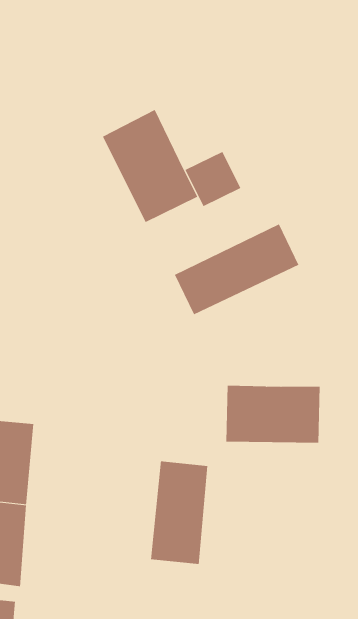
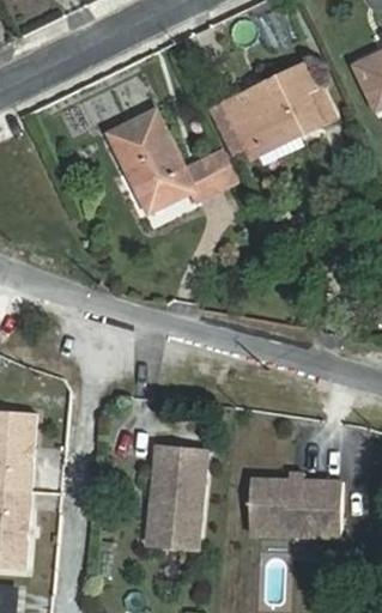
building: none -> [226,65,332,148]
building: [174,224,299,315] -> none
building: [226,385,320,443] -> [249,480,341,536]

